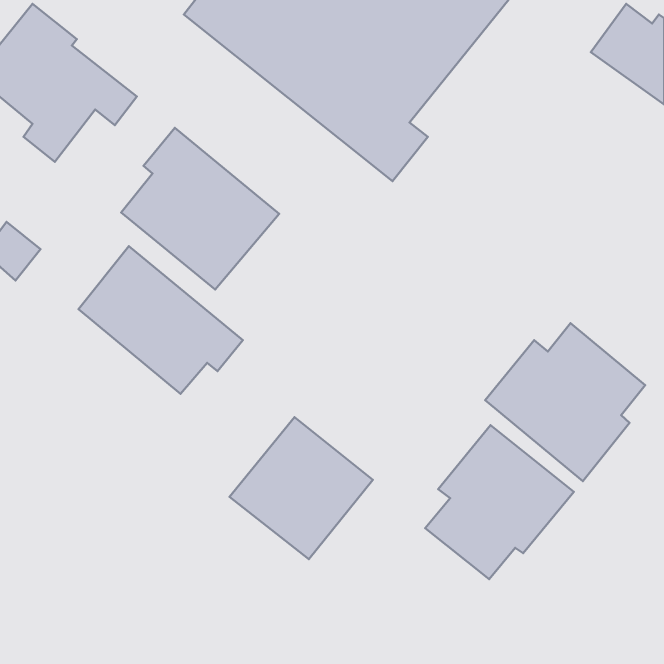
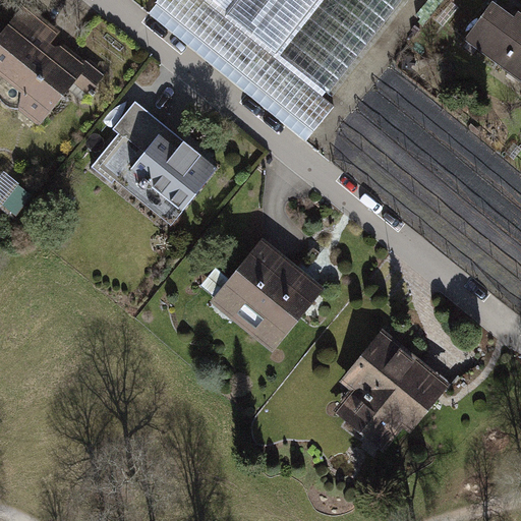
building: [79,246,243,394] -> none
building: [485,323,645,481] -> none
building: [229,417,373,559] -> [212,239,324,350]

